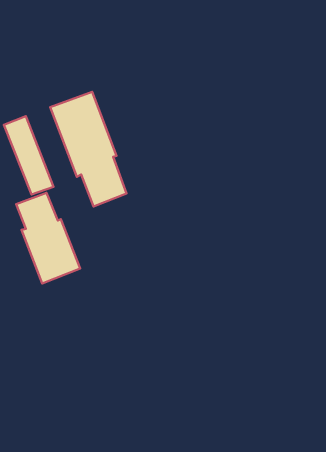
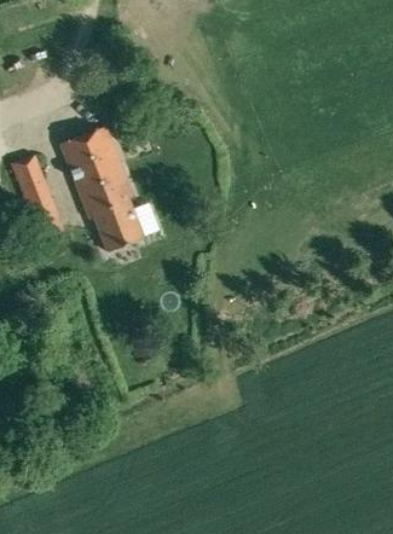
building: [16,193,80,283] -> none

